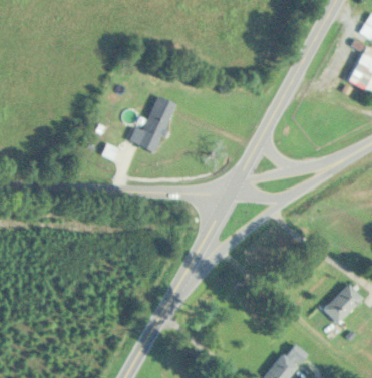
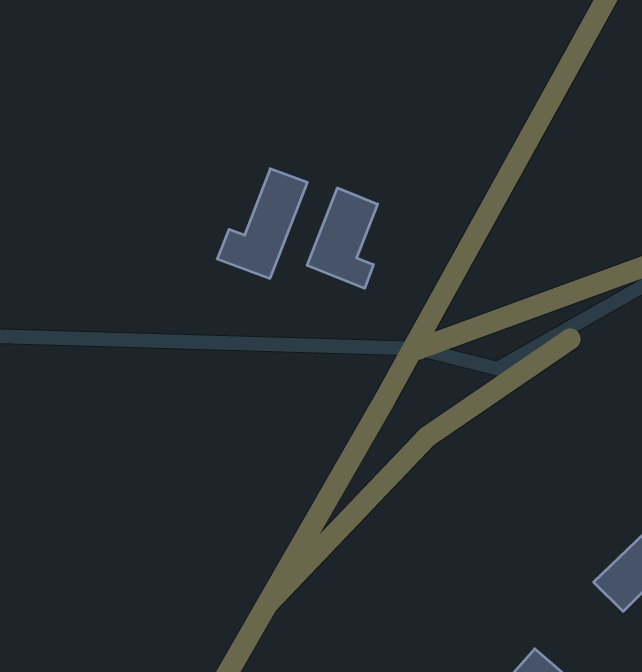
building: none -> [307,188,378,288]

